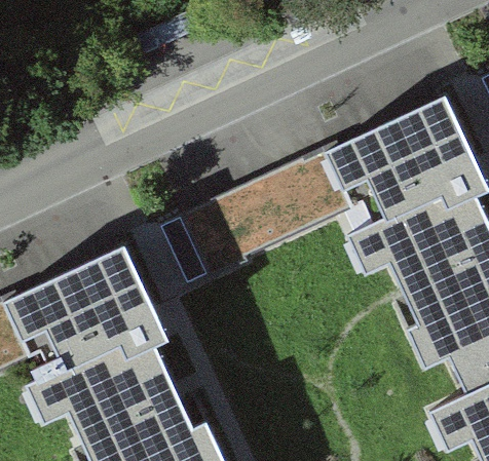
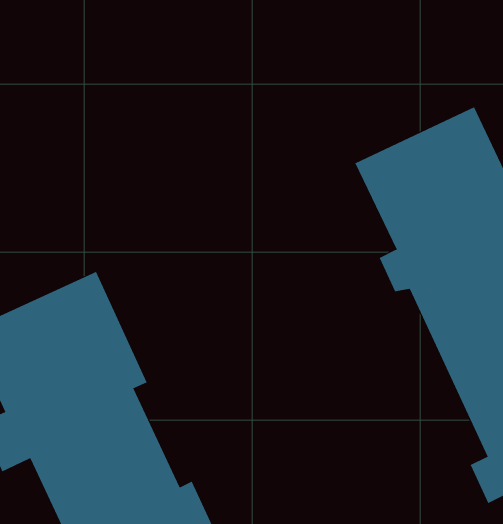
building: [172,150,359,279] -> none

